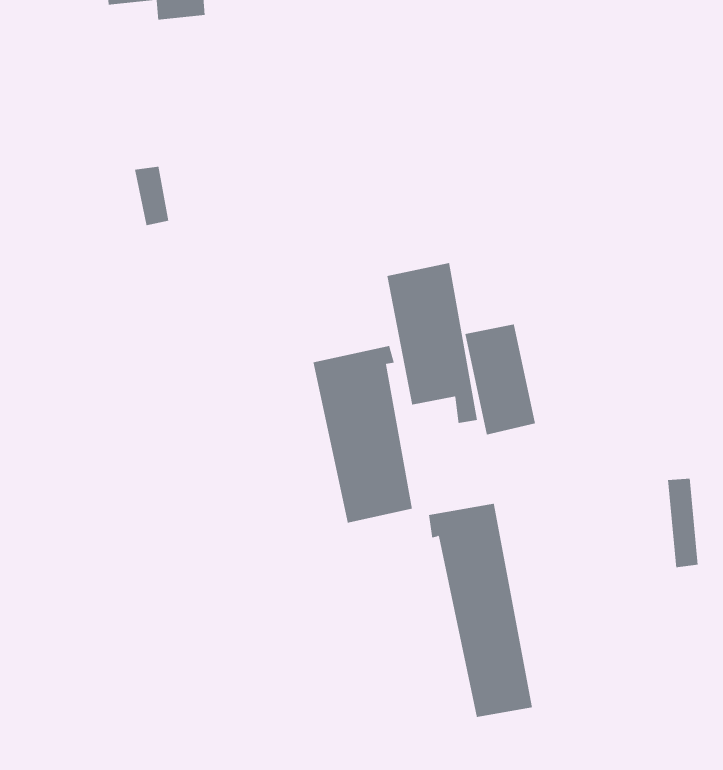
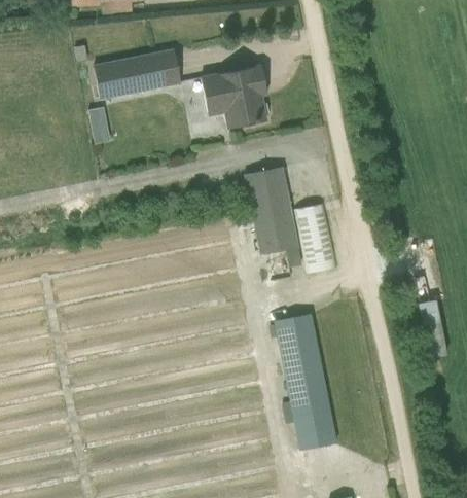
building: none -> [93,49,181,98]
building: none -> [202,65,268,130]
building: [313,345,412,524] -> none

